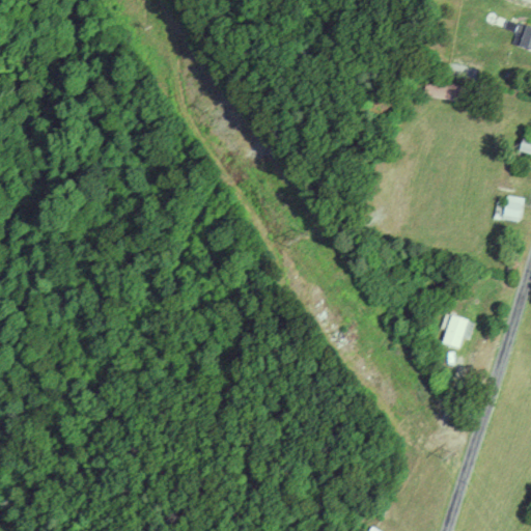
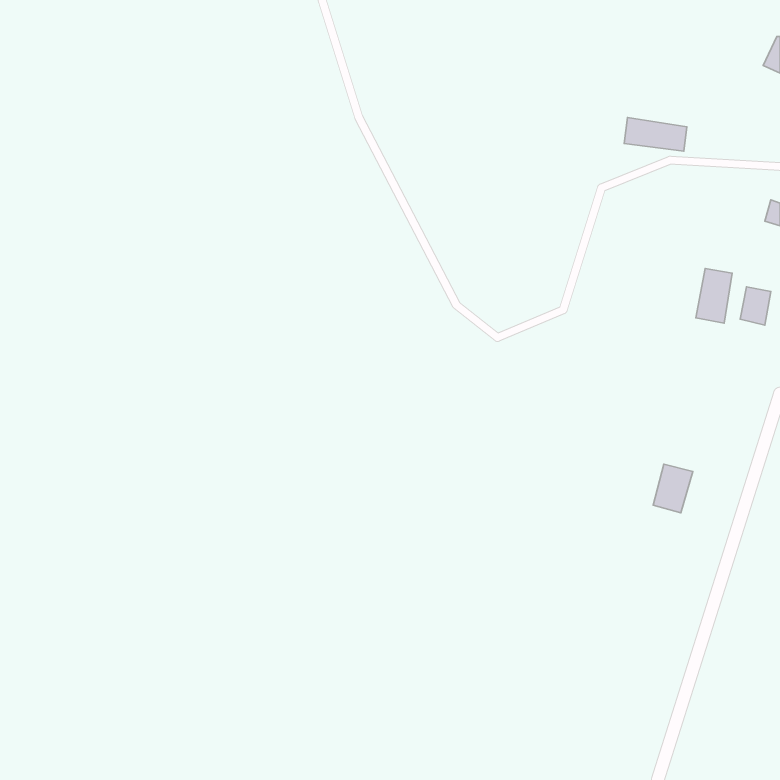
building: none -> [696,268,732,323]

